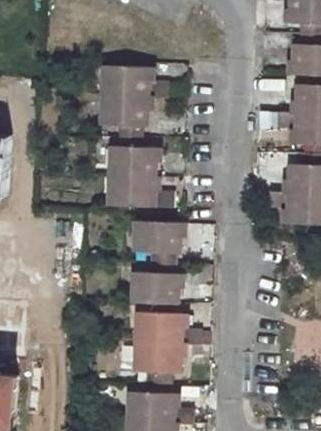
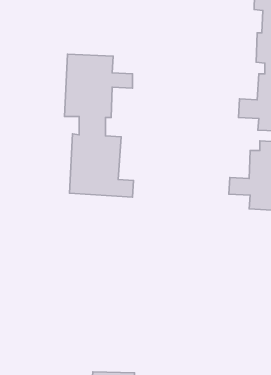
building: [130,218,178,302] -> none
building: [131,311,197,380] -> none

